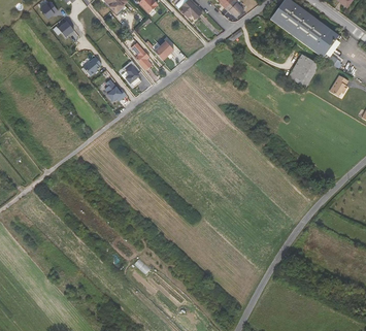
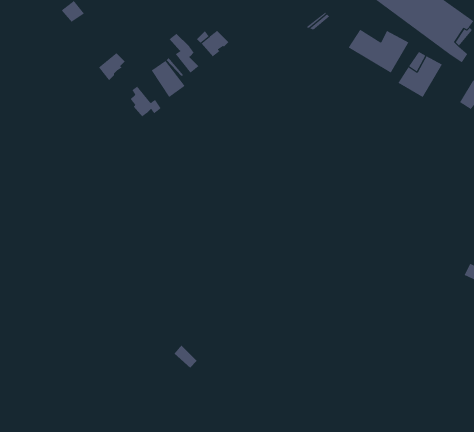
building: none -> [348,29,409,73]

